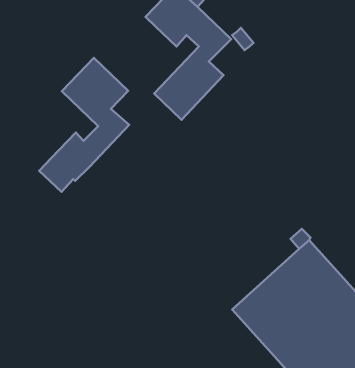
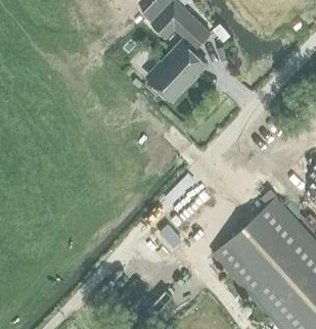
building: [39,58,129,192] -> none

